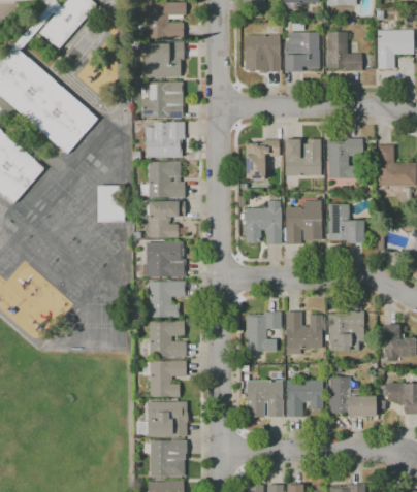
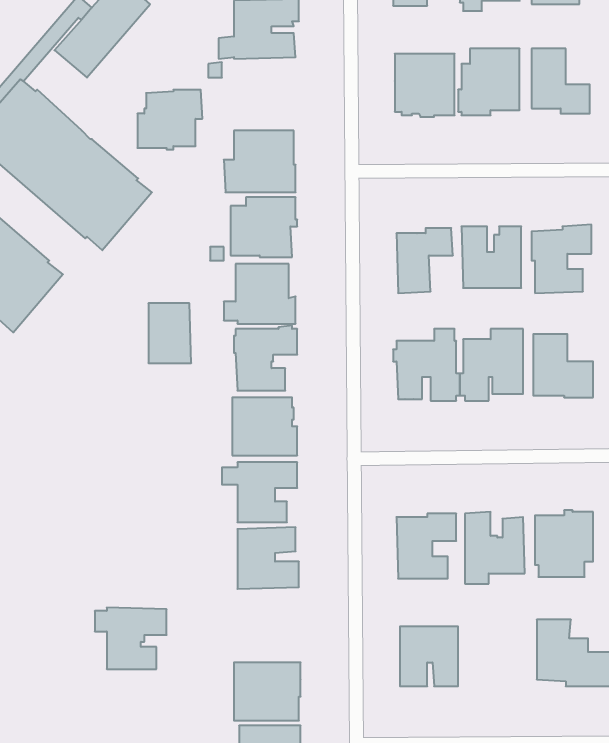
building: [146,42,185,78] -> [137,90,202,150]
building: [143,360,187,397] -> [95,608,167,669]
building: [287,380,323,417] -> none

